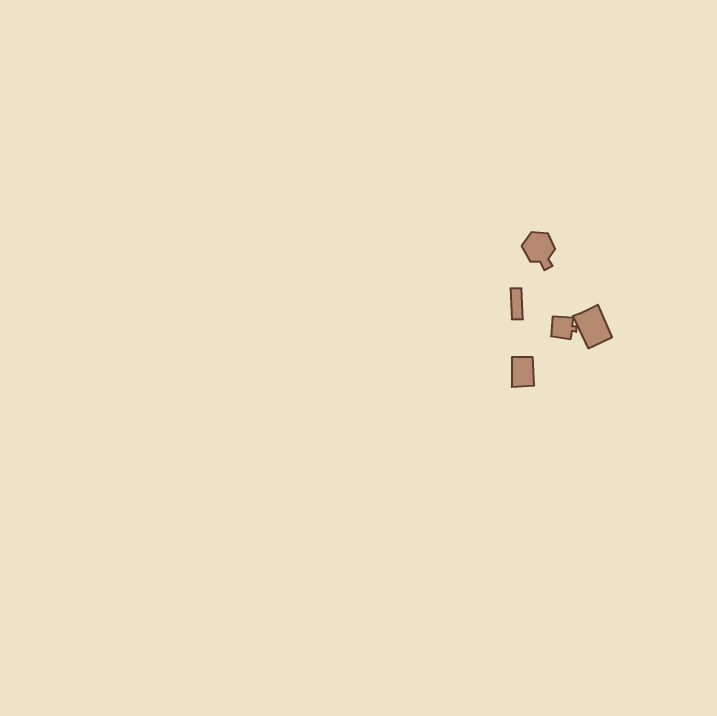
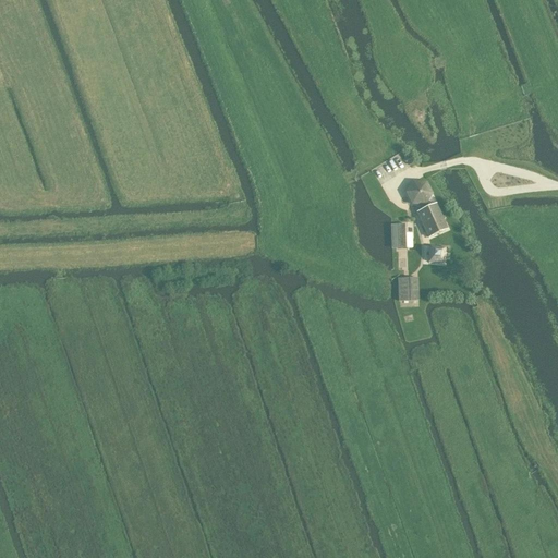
building: [573,305,612,348] -> [415,203,446,236]

